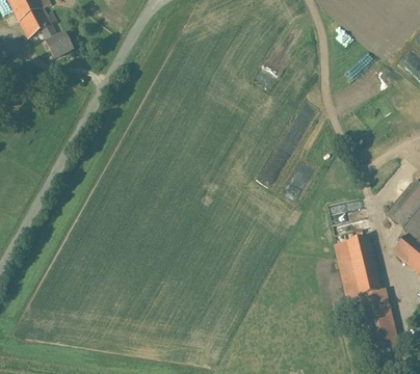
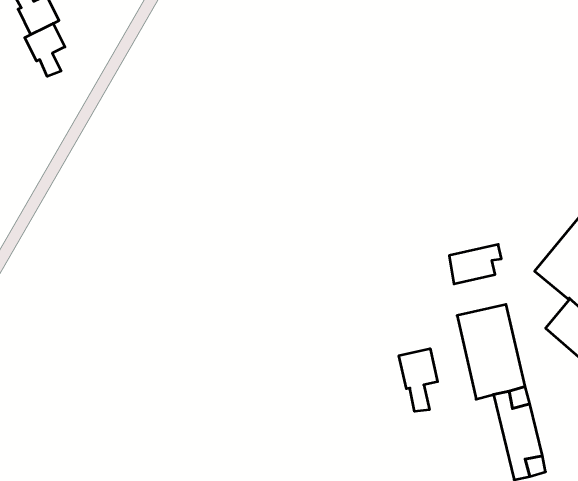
building: none -> [25,23,65,76]
building: none -> [399,349,438,411]

